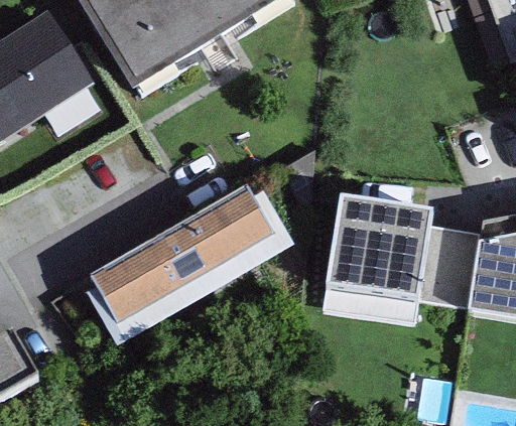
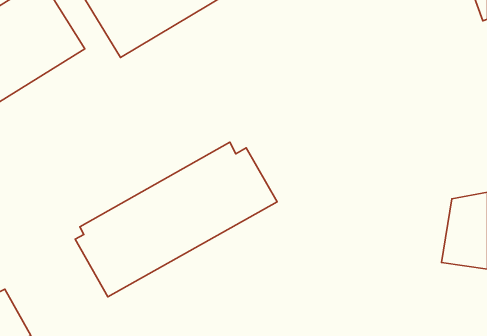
building: [321,198,476,319] -> none

